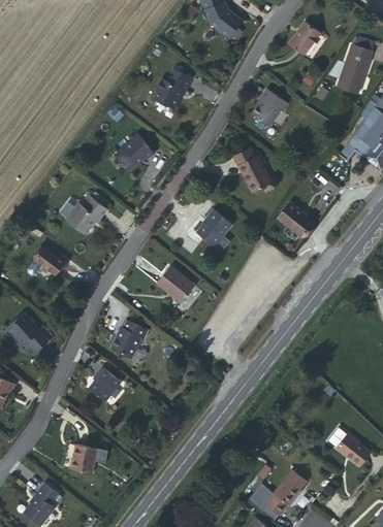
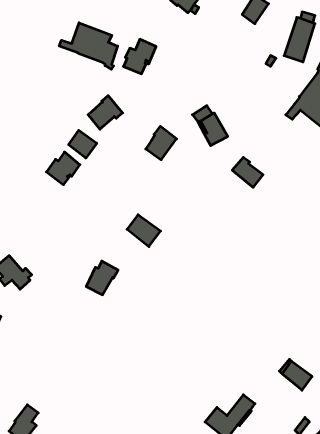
building: none -> [59,23,118,69]
building: [251,90,287,127] -> none
building: none -> [69,130,97,158]
building: [198,207,233,245] -> [146,126,177,160]
building: [34,248,64,275] -> none
building: [89,367,121,400] -> none
building: [70,444,96,473] -> none

